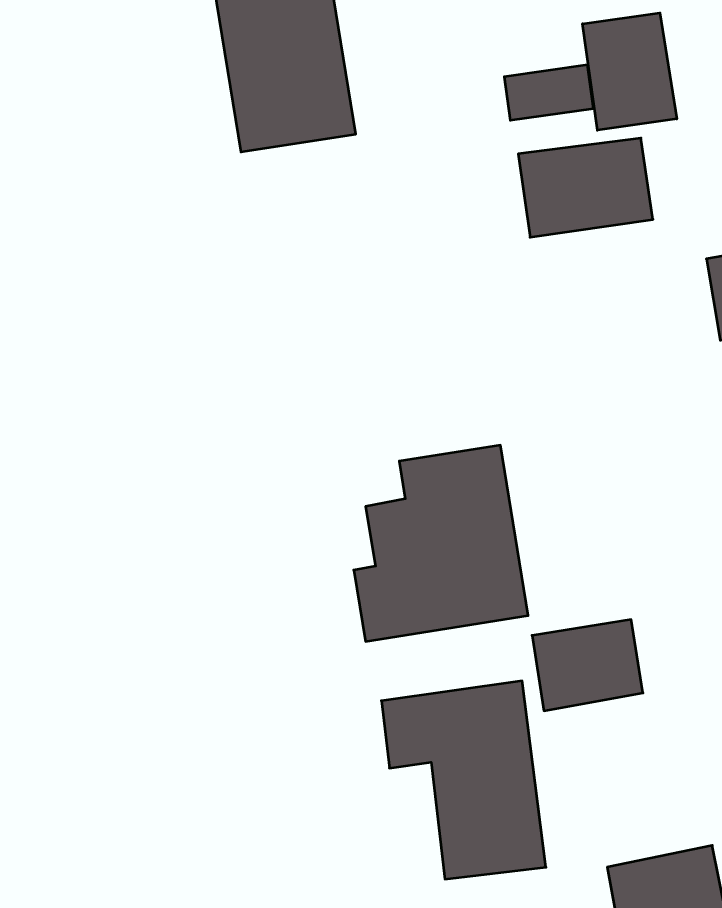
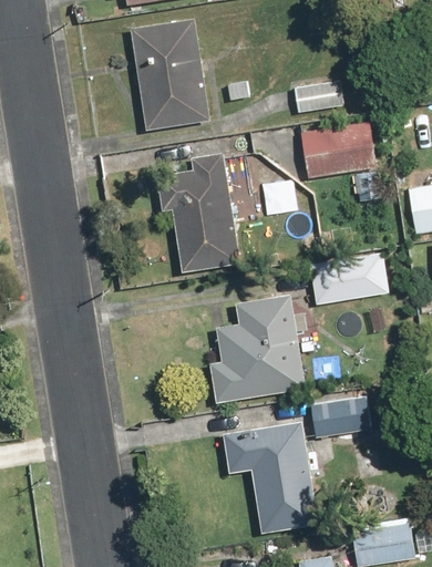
building: [583,13,677,130] -> none
building: none -> [157,153,240,271]
building: none -> [308,251,388,305]

